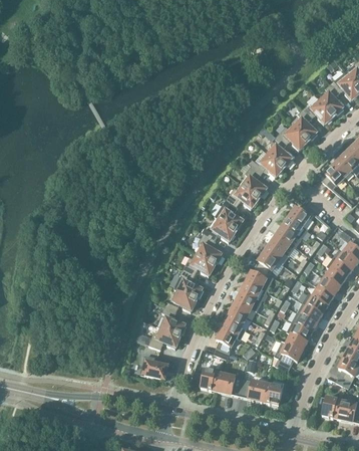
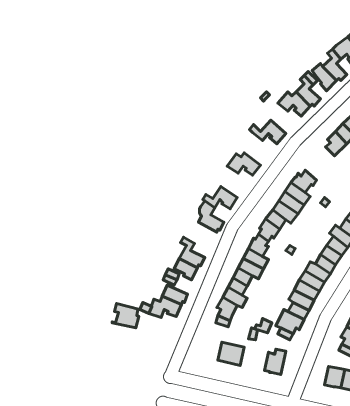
building: [269,137,293,167] -> none
building: [243,166,268,198] -> none
building: [215,199,244,230] -> none
building: [183,254,216,275] -> none
building: [141,355,168,379] -> [112,303,140,328]
building: [201,365,222,391] -> none
building: [242,379,267,401] -> none

